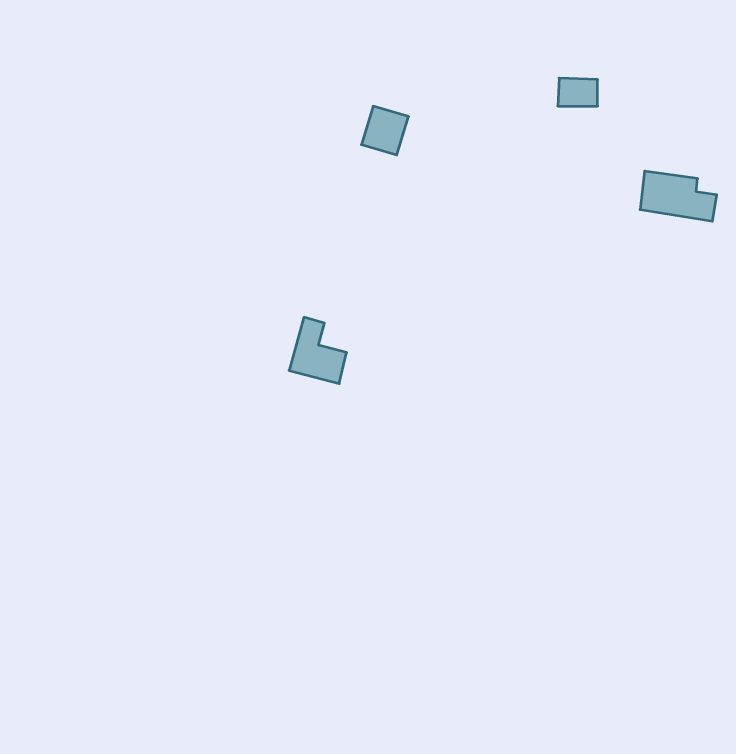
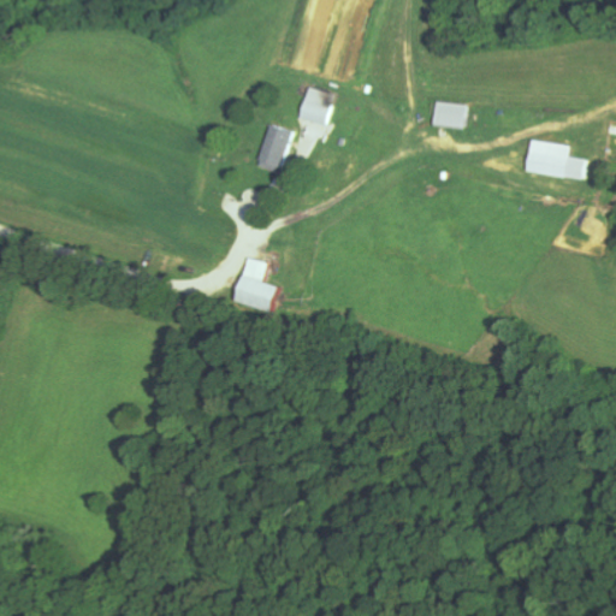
building: [558,78,598,106] -> [432,102,464,125]
building: none -> [254,123,291,171]

